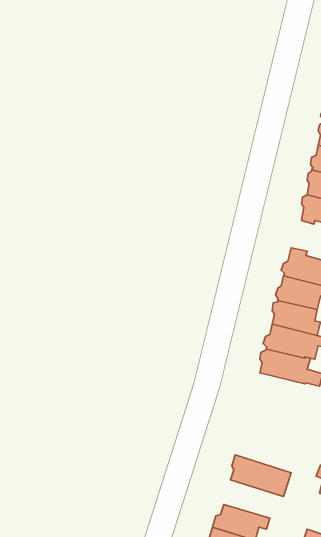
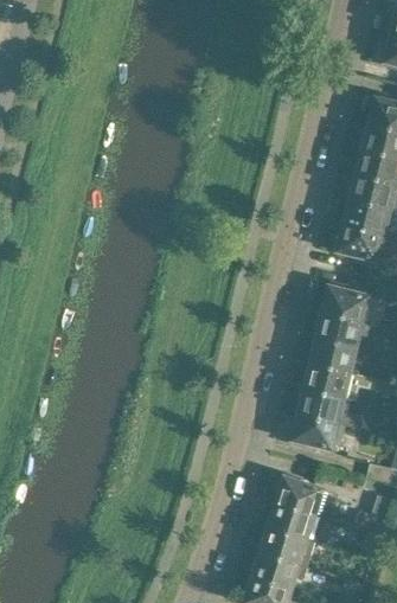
building: none -> [288,413,342,450]
building: none -> [269,473,335,519]
building: none -> [256,526,313,566]

